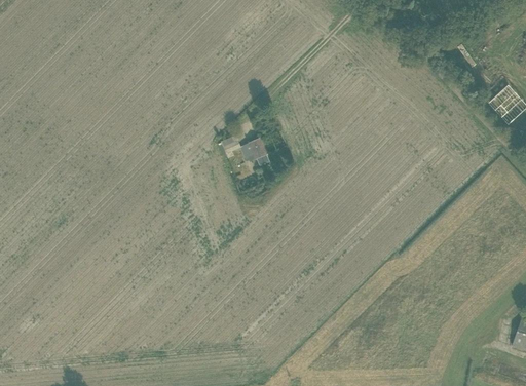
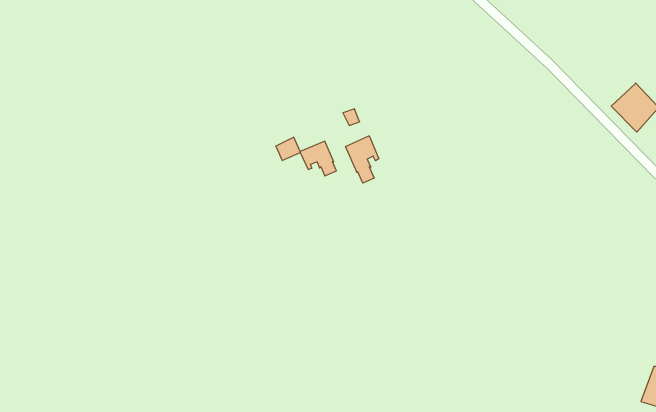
building: none -> [346,136,379,183]

